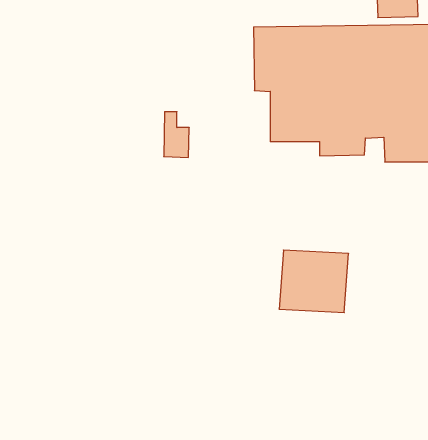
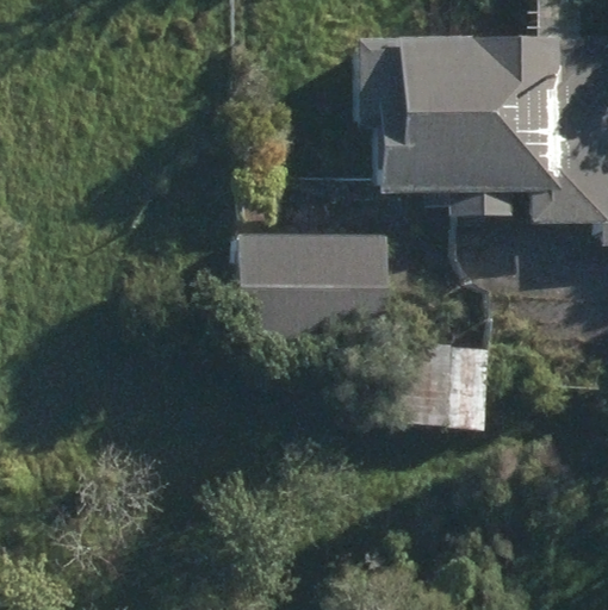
building: none -> [232,232,380,340]

